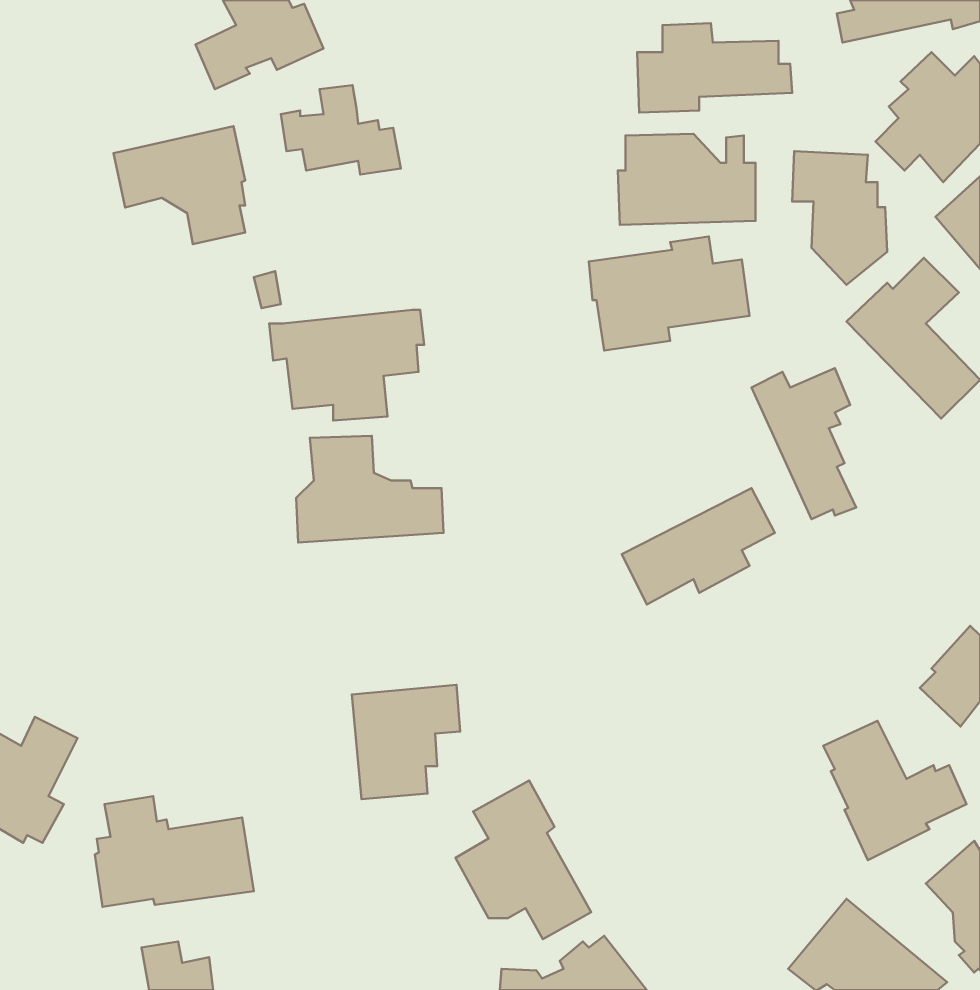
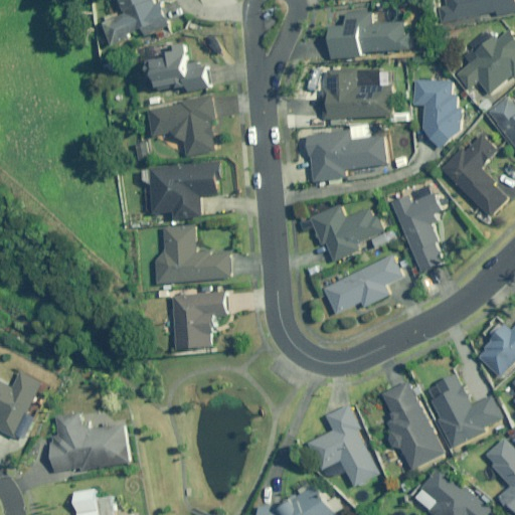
building: [114,126,245,244] -> [142,99,210,160]
building: none -> [309,204,395,262]
building: [352,685,460,799] -> [170,291,226,350]
building: none -> [382,380,444,469]
building: [456,780,591,939] -> [309,403,379,486]

